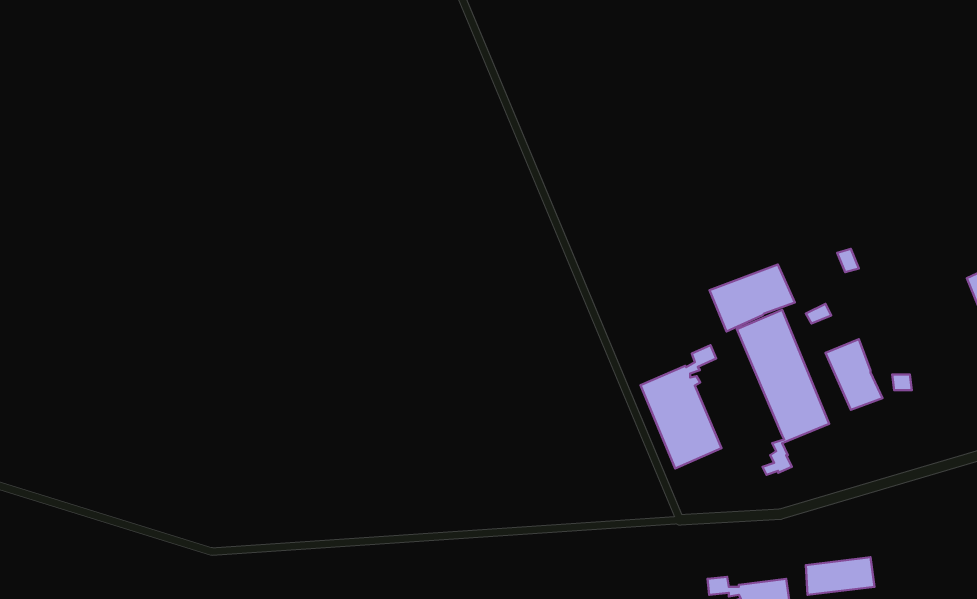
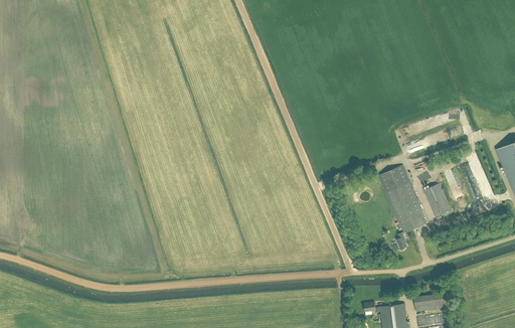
building: [709,264,795,332] -> none
building: [641,345,722,469] -> none

